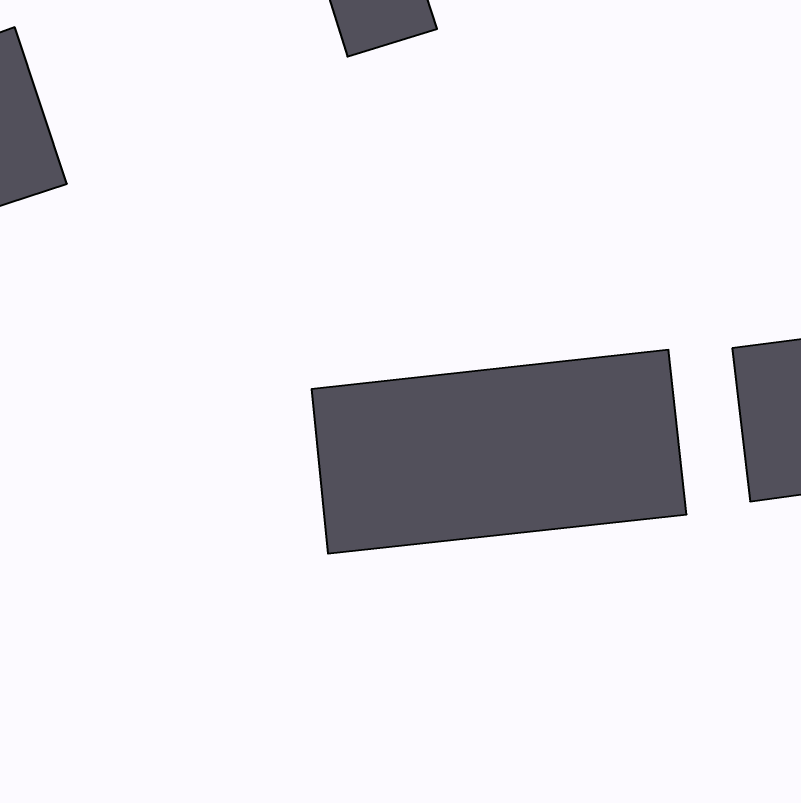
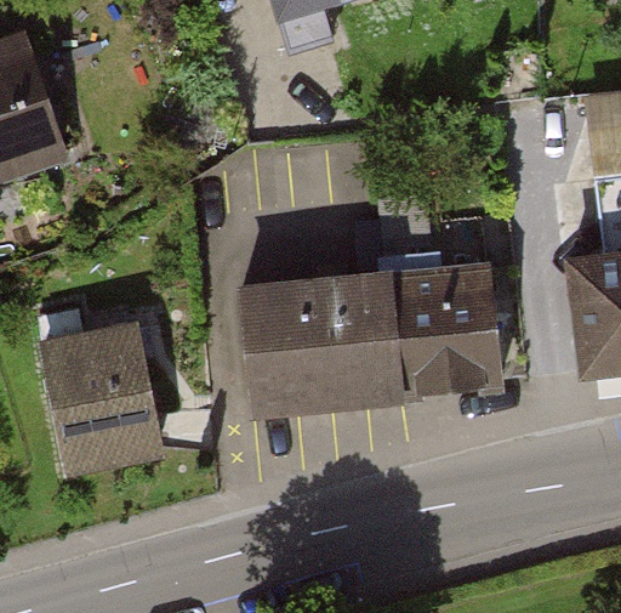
building: none -> [34,318,166,471]

